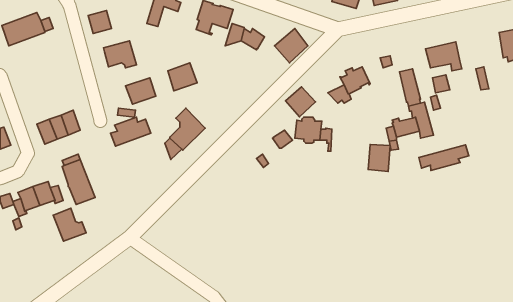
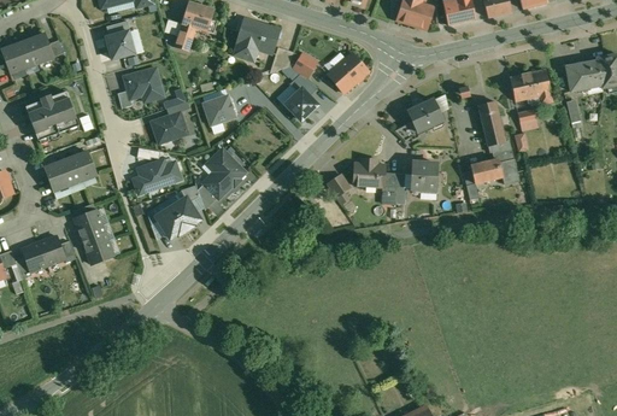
building: none -> [564,60,599,93]
building: none -> [27,92,80,140]
building: [285,87,316,117] -> [283,87,319,123]
building: [368,144,390,172] -> [410,160,436,193]
building: [419,145,469,171] -> none
building: none -> [155,197,200,239]
building: [53,208,86,241] -> none

